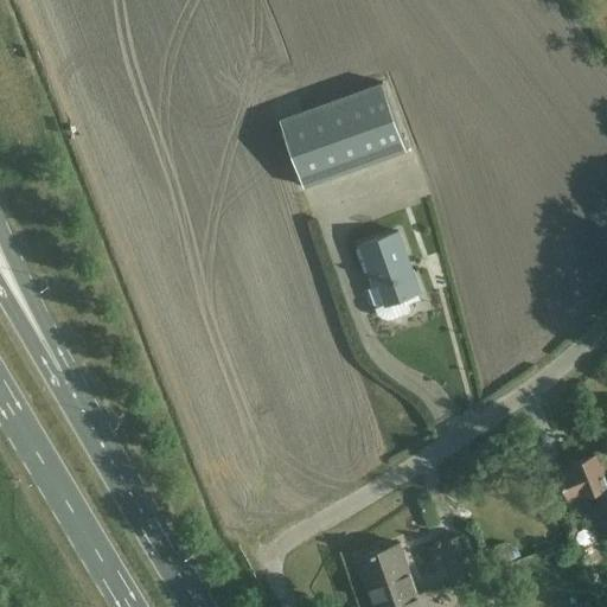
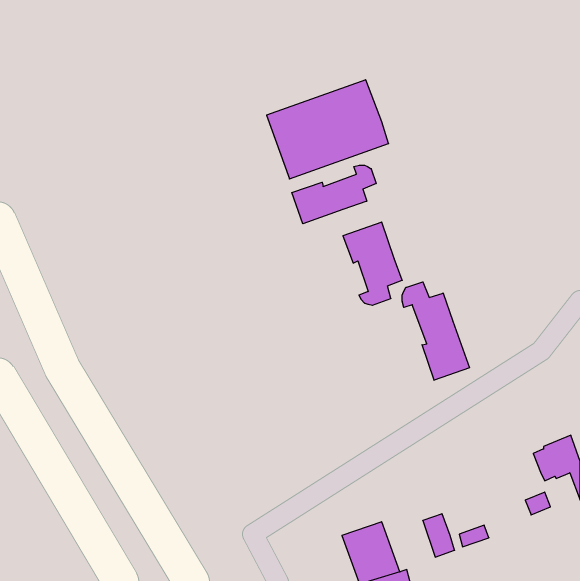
building: none -> [292,165,376,224]
building: none -> [402,282,469,380]

